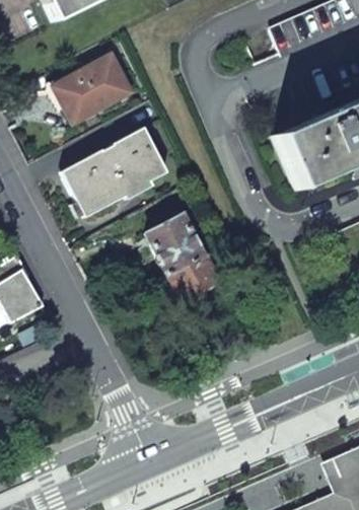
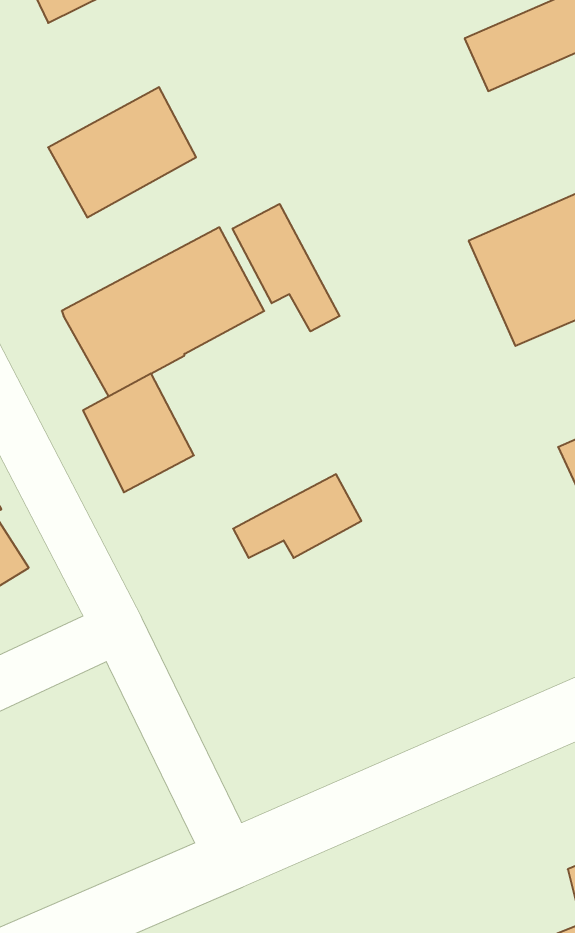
building: none -> [233,204,340,331]
building: [147,214,205,276] -> [83,374,194,492]

